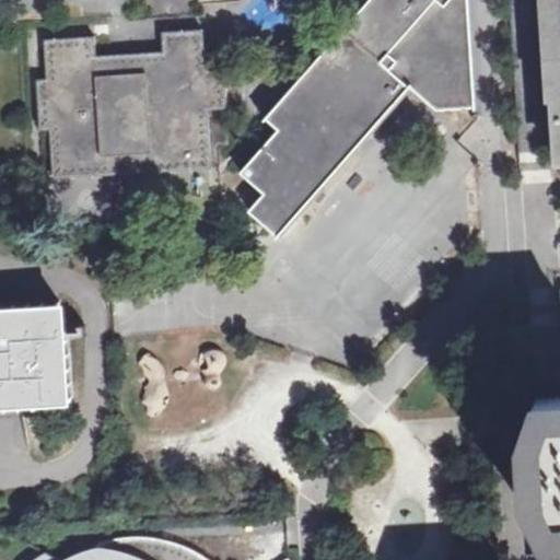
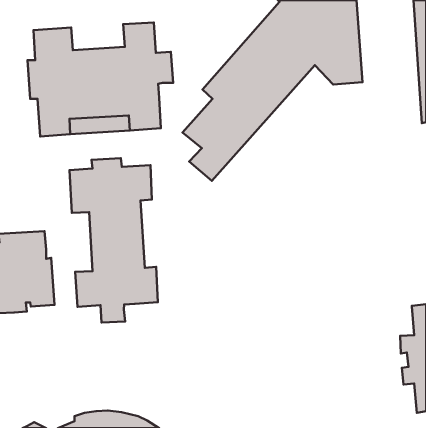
building: none -> [70,158,158,322]

